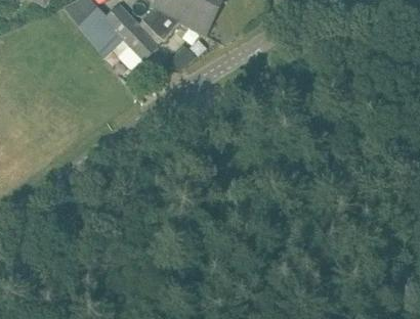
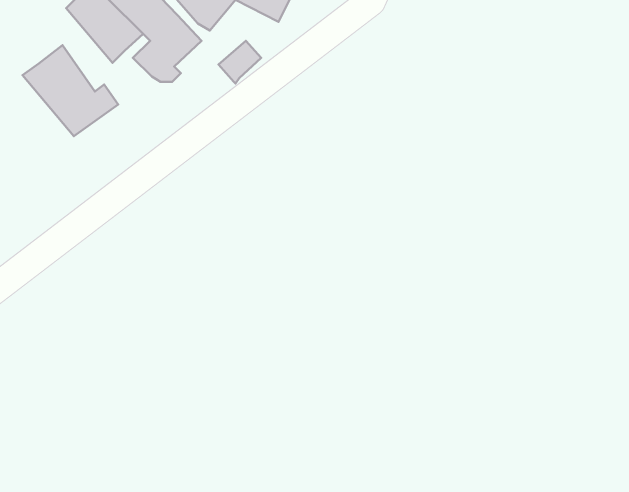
building: none -> [22,45,118,136]

